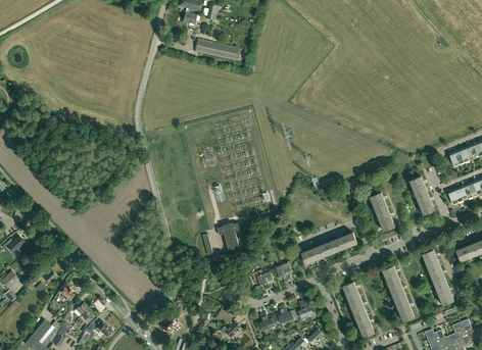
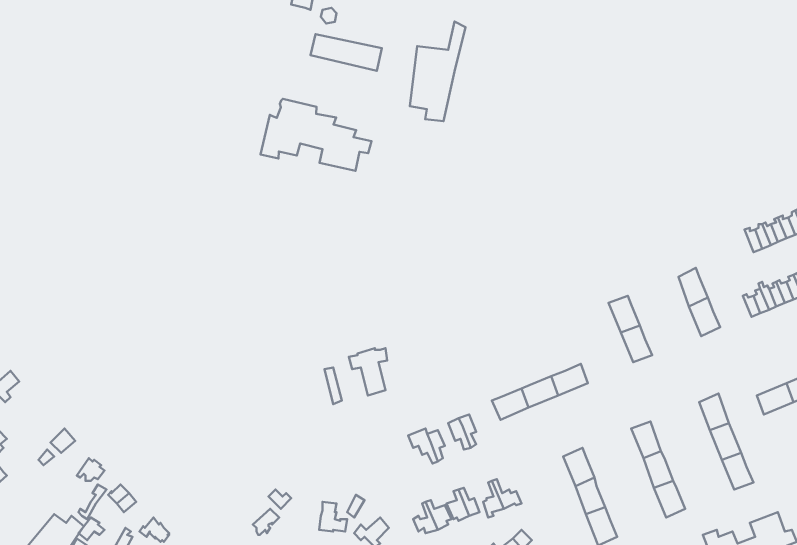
building: none -> [410,21,466,121]
building: none -> [260,99,371,171]

